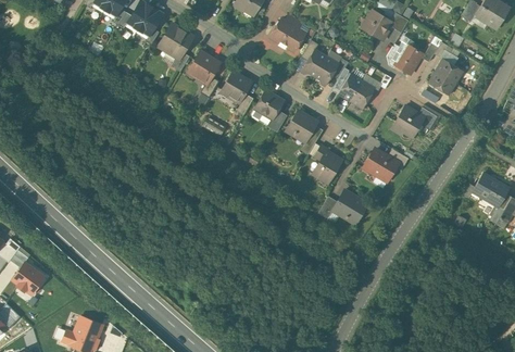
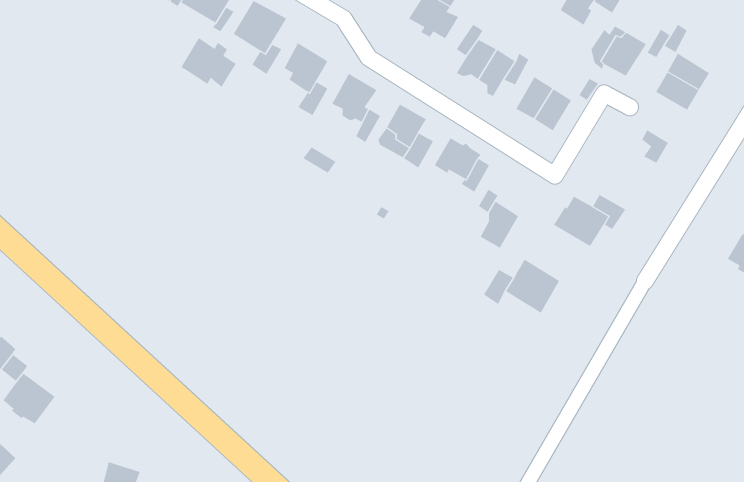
building: none -> [180,37,237,88]
building: [397,105,425,137] -> none

